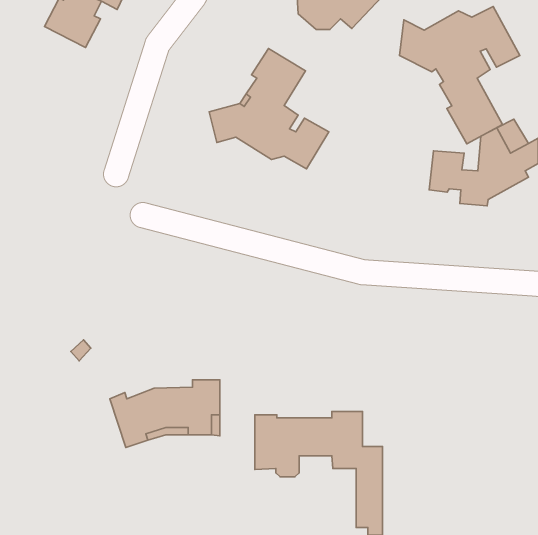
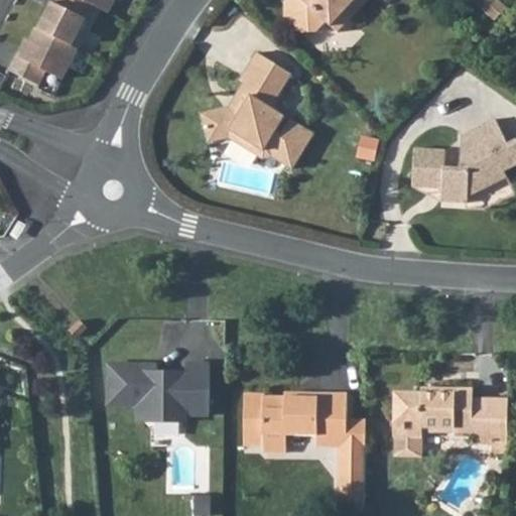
building: [400,6,520,144] -> none
building: none -> [13,24,82,82]
building: none -> [393,390,507,458]

